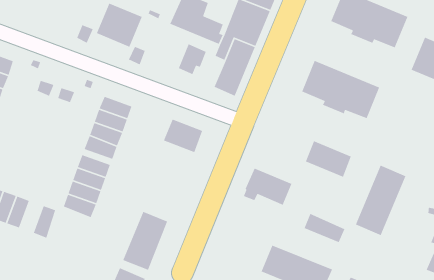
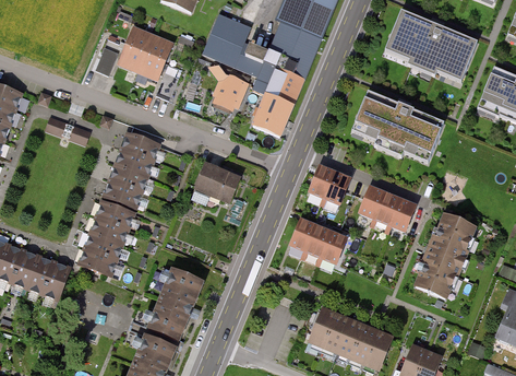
building: none -> [309,165,348,202]
building: none -> [28,256,56,294]
building: [304,213,346,243] -> none

